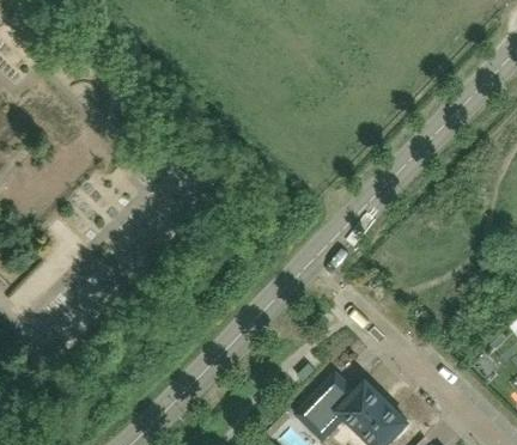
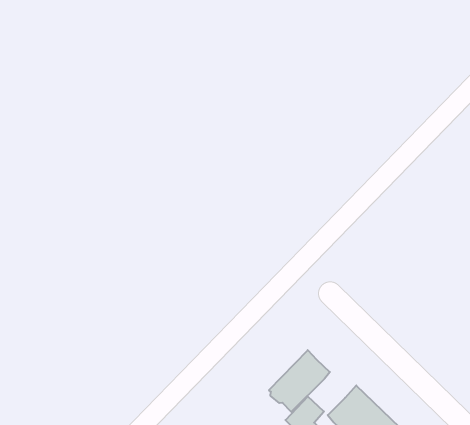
building: none -> [269,350,330,412]

